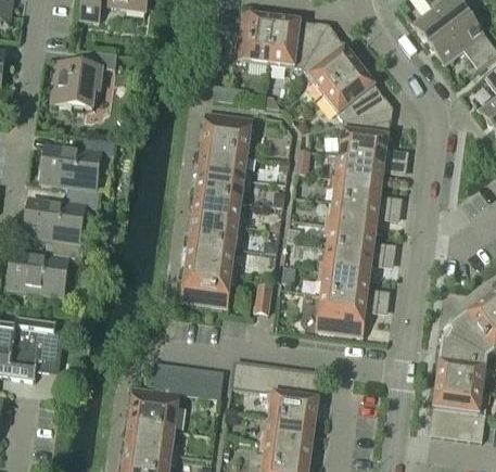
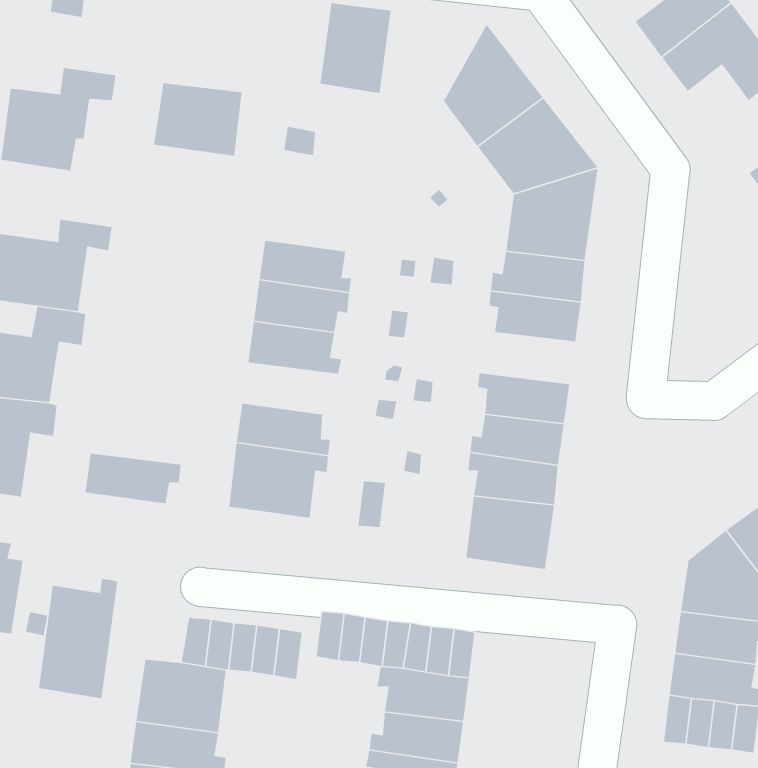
building: [267,17,328,69] -> none
building: [201,113,252,155] -> [153,82,242,156]
building: [323,202,379,231] -> none
building: [188,219,243,248] -> [85,453,181,504]
building: none -> [38,578,118,699]

